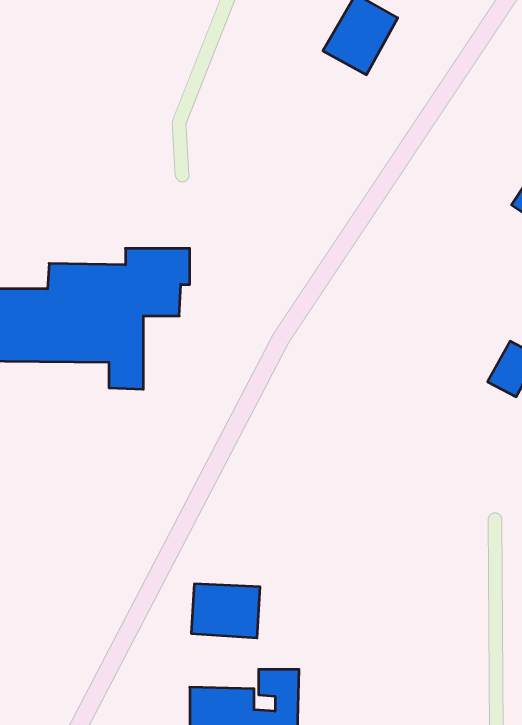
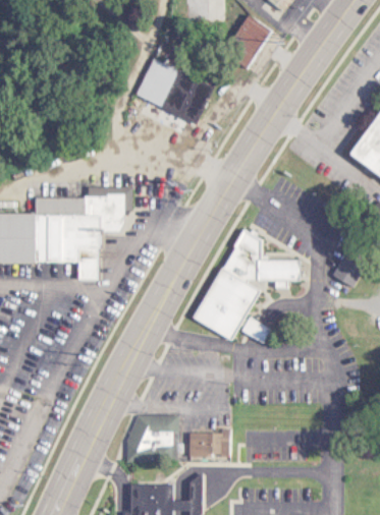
building: none -> [137,59,178,107]
building: none -> [195,228,301,342]
building: none -> [188,432,231,458]

